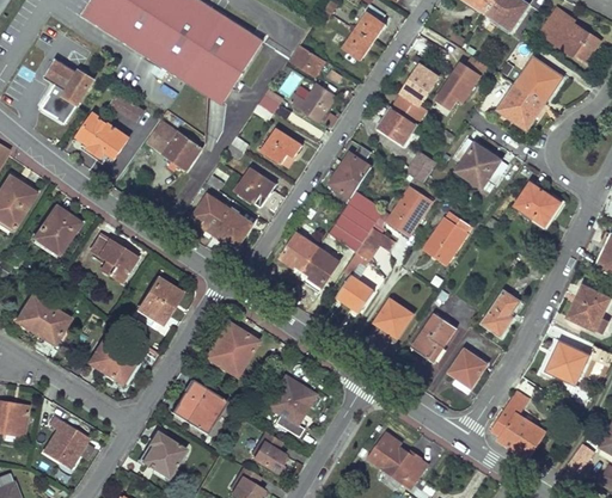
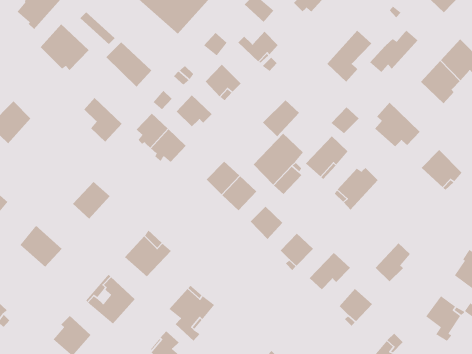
building: [379,109,417,146] -> none
building: [90,235,135,283] -> [84,97,123,143]

